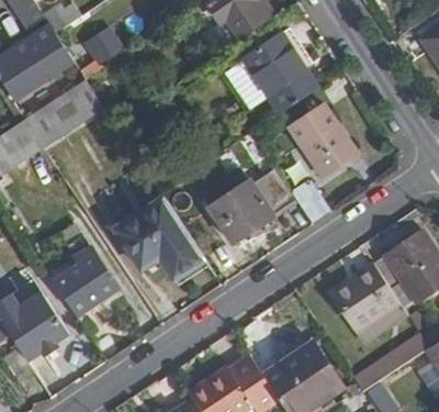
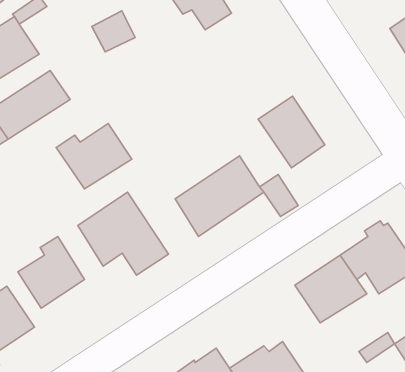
building: [79,23,122,64] -> [92,11,135,52]
building: [221,25,317,114] -> none
building: none -> [56,123,132,189]

